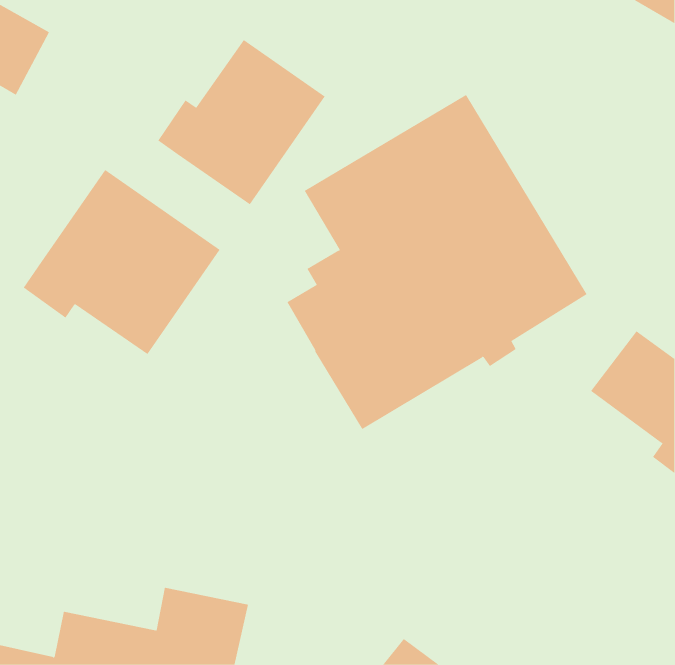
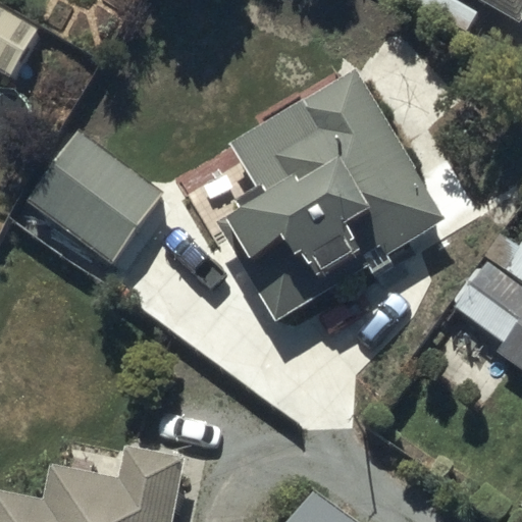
building: [158,39,325,205] -> none

